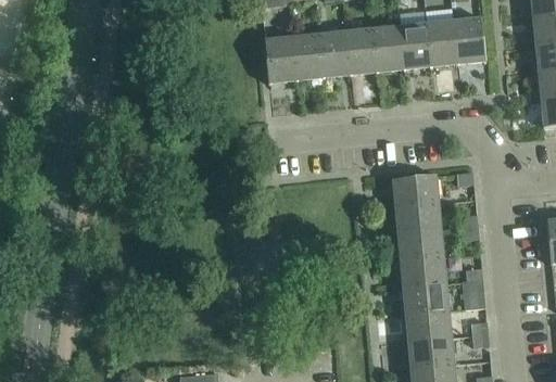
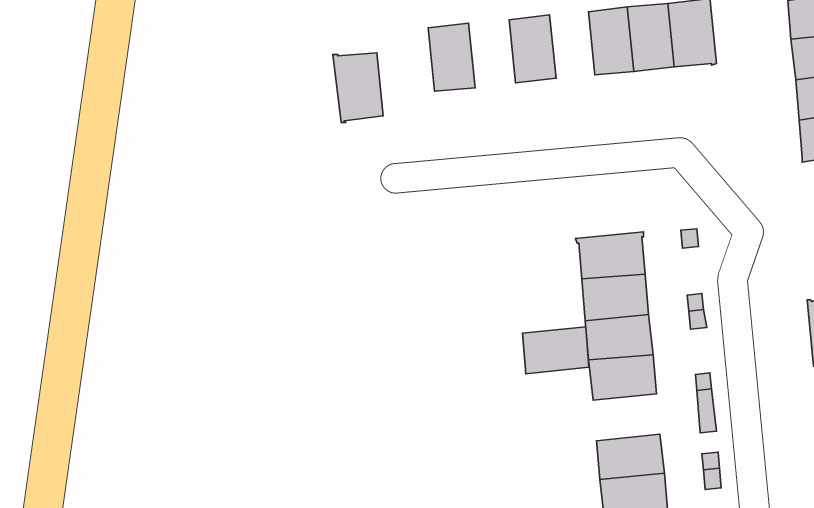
building: [374,26,404,71] -> none
building: [319,31,351,77] -> none
building: [263,37,296,84] -> [333,53,383,122]
building: [403,282,447,314] -> [523,327,589,374]

